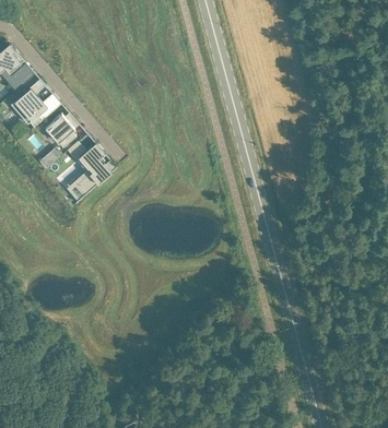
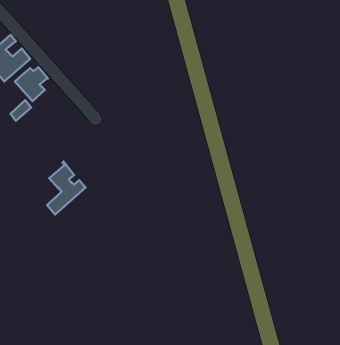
building: [75,140,116,195] -> [47,162,85,215]

